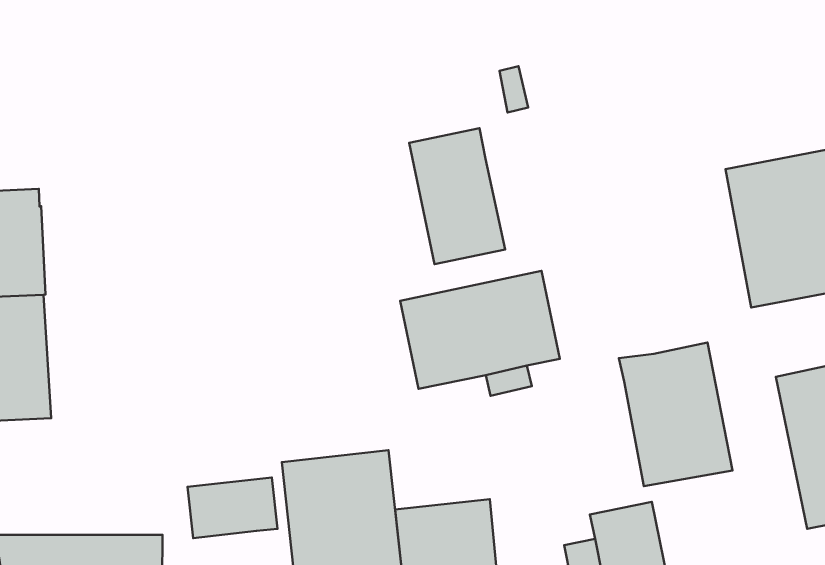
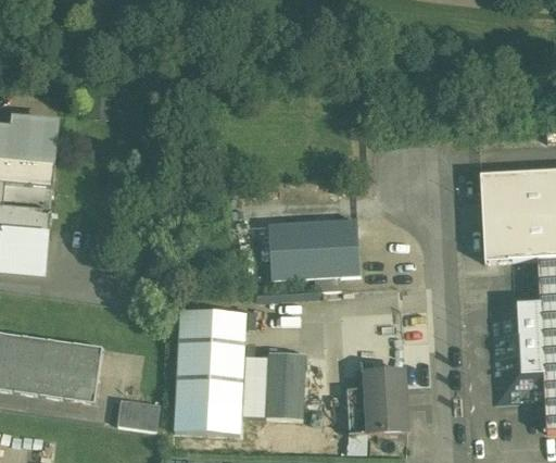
building: [409,128,505,264] -> none
building: [619,342,733,486] -> none
building: [188,477,278,538] -> none

